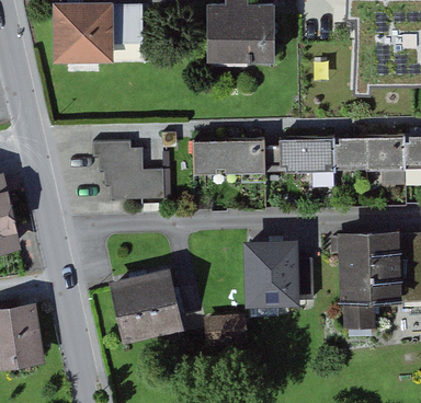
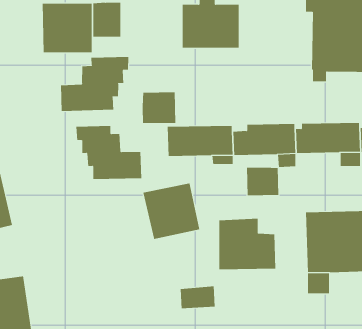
building: none -> [61,56,129,112]
building: none -> [142,92,176,124]
building: none -> [247,167,279,196]
building: [115,274,179,336] -> [142,183,200,239]

